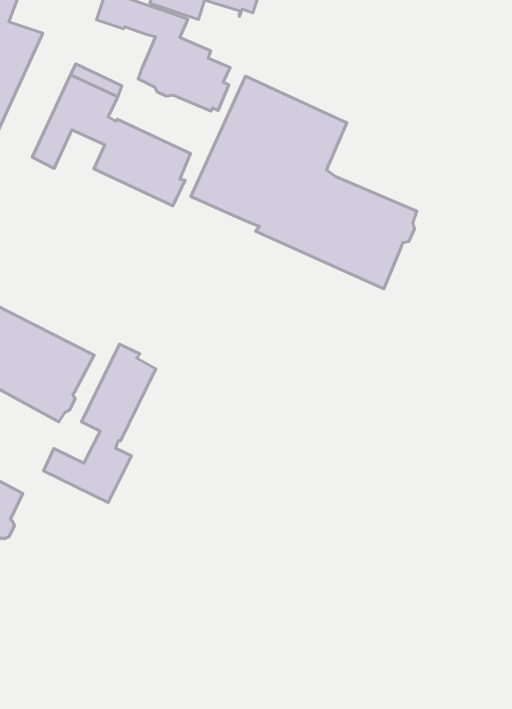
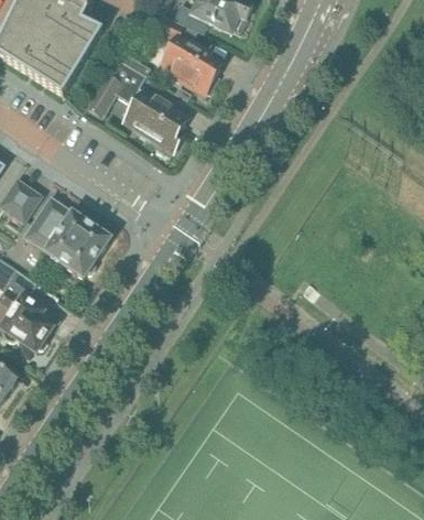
building: [191,76,417,289] -> none
building: [43,344,156,502] -> none

